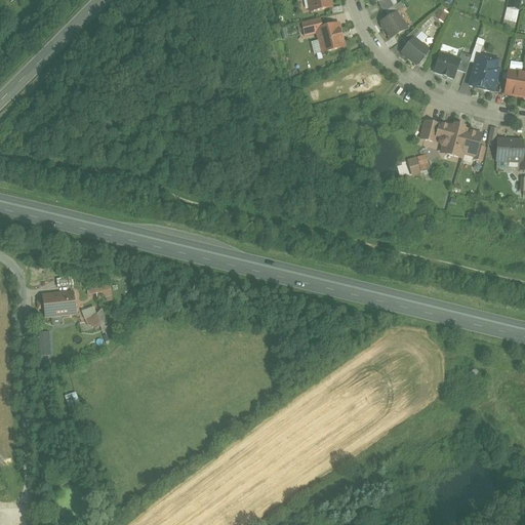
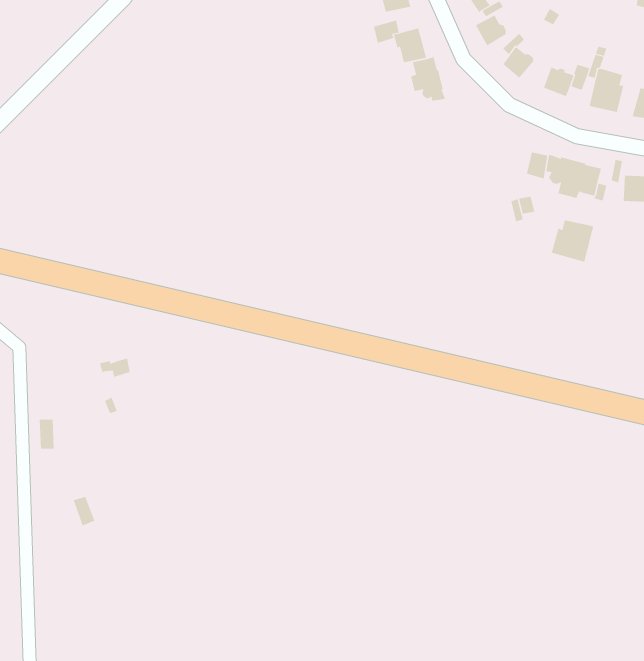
building: none -> [410,57,445,102]
building: none -> [551,219,594,262]
building: [37,291,75,317] -> none

